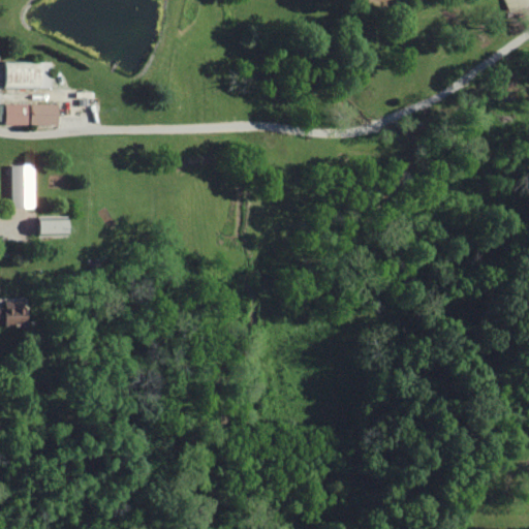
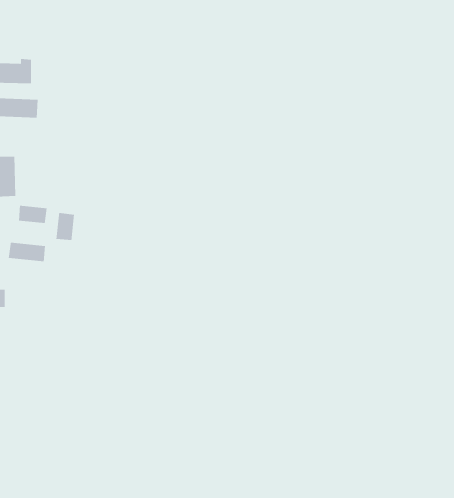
building: none -> [56,212,74,241]
building: none -> [8,242,45,262]

